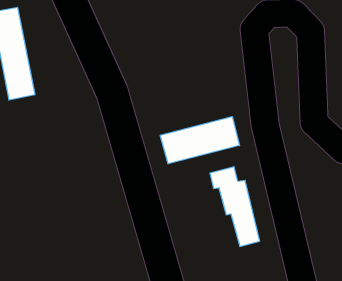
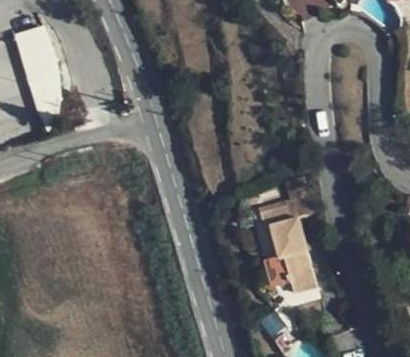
building: [160,117,240,164] -> none

